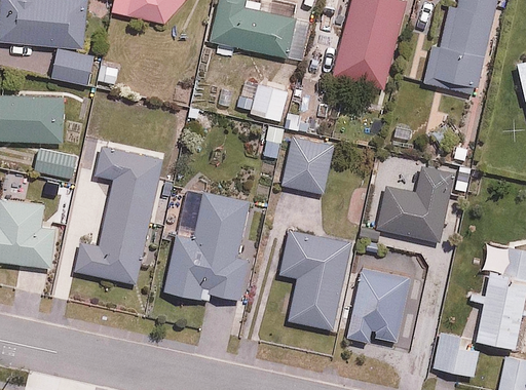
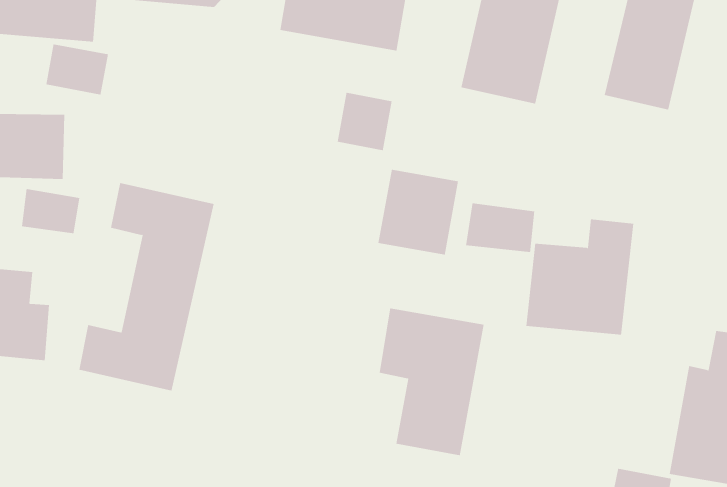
building: none -> [465,202,535,253]
building: [166,195,248,299] -> none
building: [345,266,408,341] -> none

